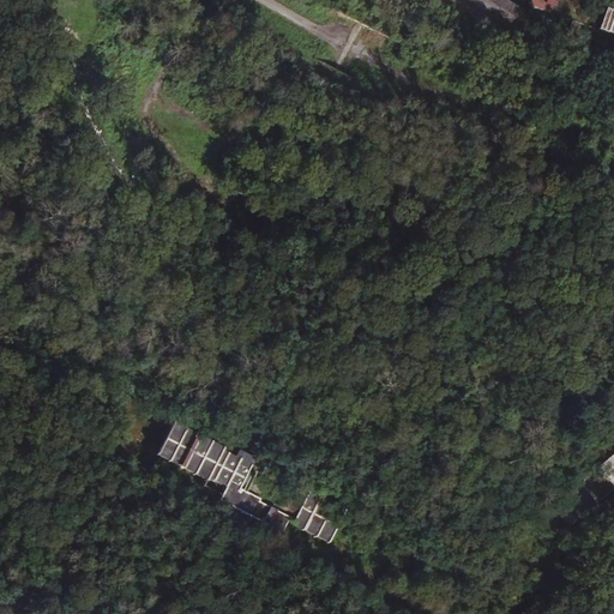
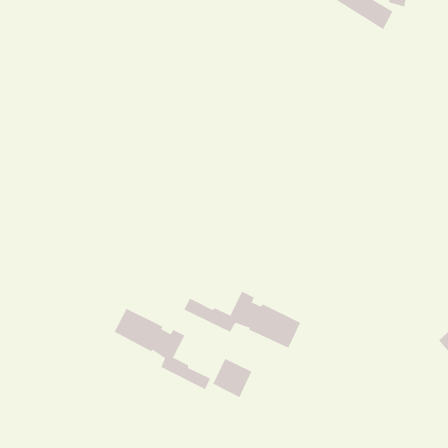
building: none -> [183,291,301,348]

